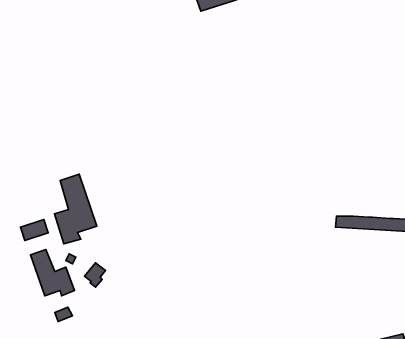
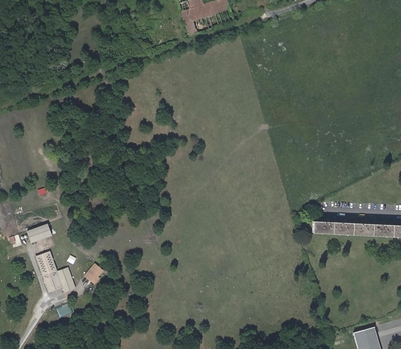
building: [54,174,97,244] -> none

